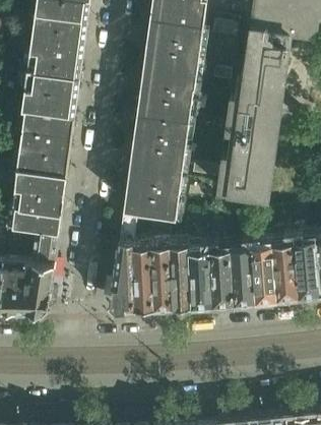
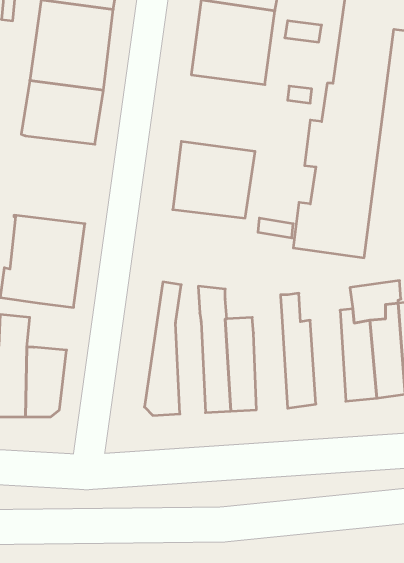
building: [135,69,195,124] -> none
building: [15,113,73,176] -> none
building: [122,166,181,221] -> none
building: [228,223,253,305] -> none
building: [185,228,211,309] -> none
building: [29,233,58,266] -> none
building: [131,246,152,312] -> none

